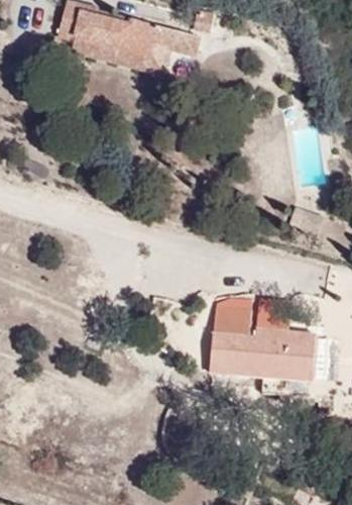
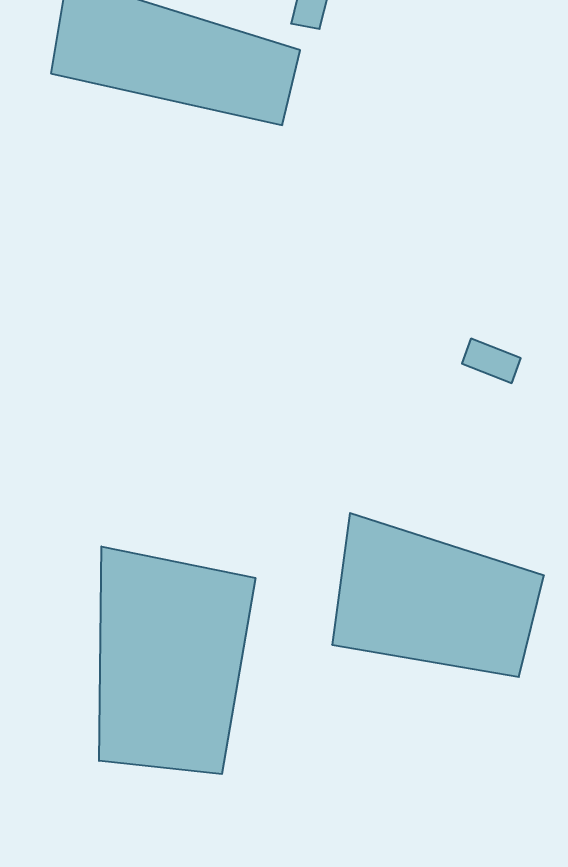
building: none -> [99,546,255,774]

